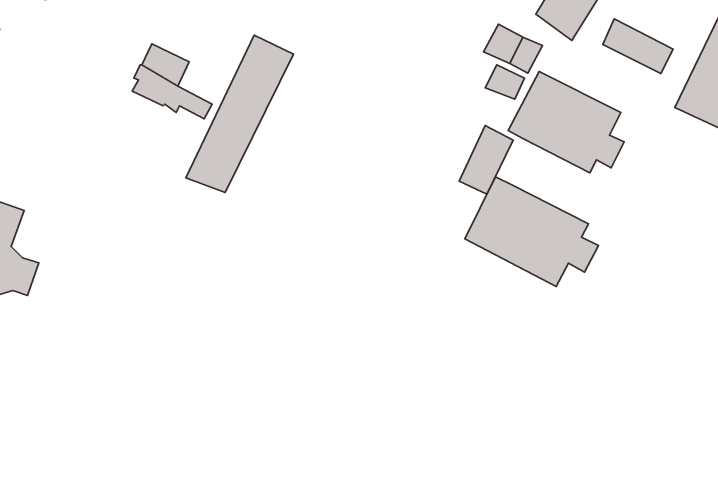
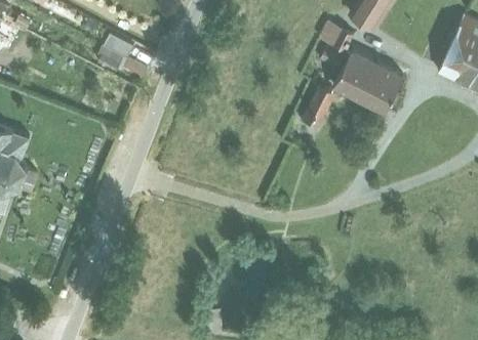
building: [603,19,673,73] -> none
building: [186,35,293,193] -> none
building: [465,177,599,287] -> none

